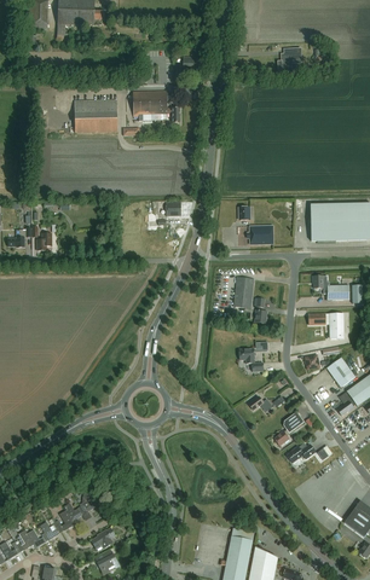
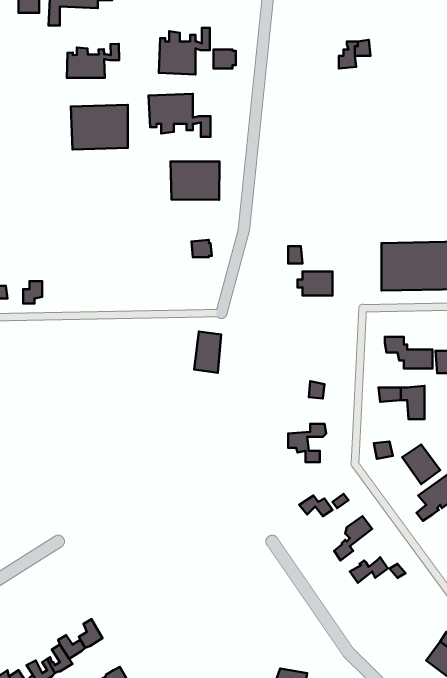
building: none -> [159,28,210,75]
building: none -> [67,44,119,78]
building: none -> [170,161,220,200]
building: [233,277,254,308] -> [194,331,221,373]

